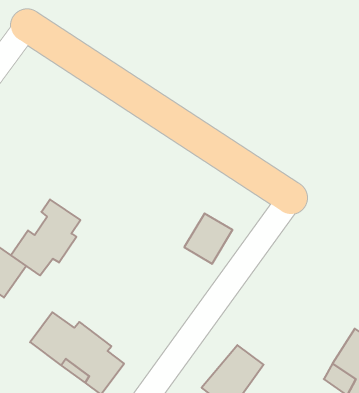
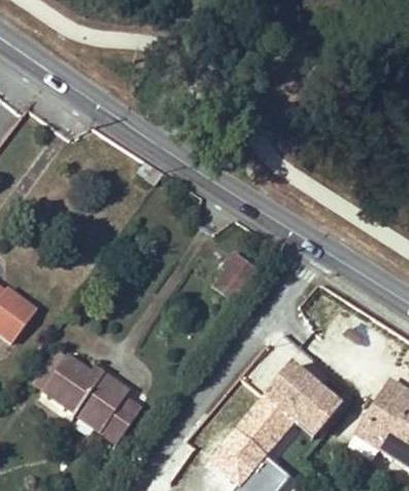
building: [11,199,80,275] -> none
building: none -> [264,353,350,434]

